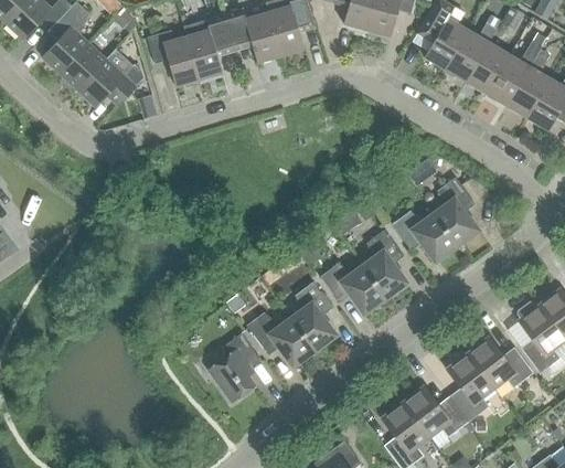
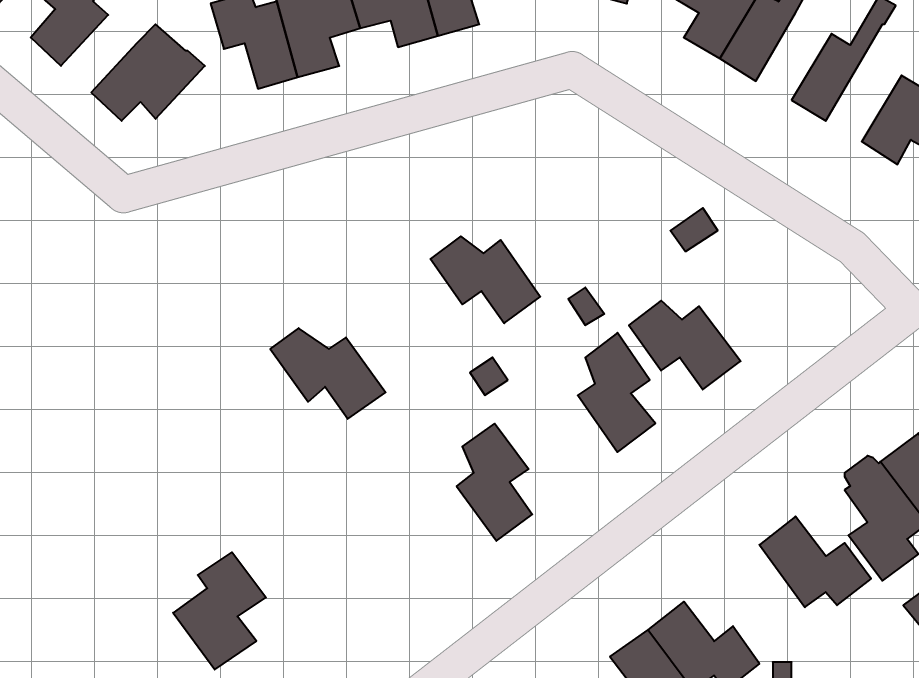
building: [466,42,510,93] -> none
building: [61,43,105,88] -> none
building: [507,49,551,117] -> none
building: [433,177,478,245] -> none
building: [321,263,385,313] -> [430,236,540,323]
building: [247,312,315,365] -> [270,328,386,419]
building: [207,333,262,402] -> [173,552,266,670]
building: [446,352,494,422] -> none

